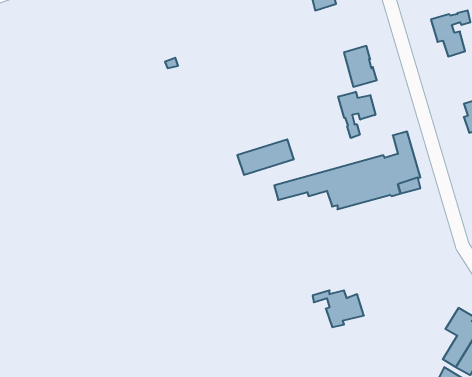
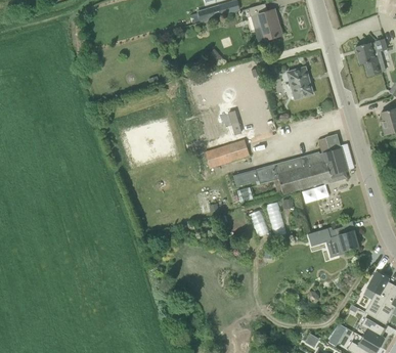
building: [338,92,375,138] -> none
building: [313,290,364,327] -> [318,227,358,256]

